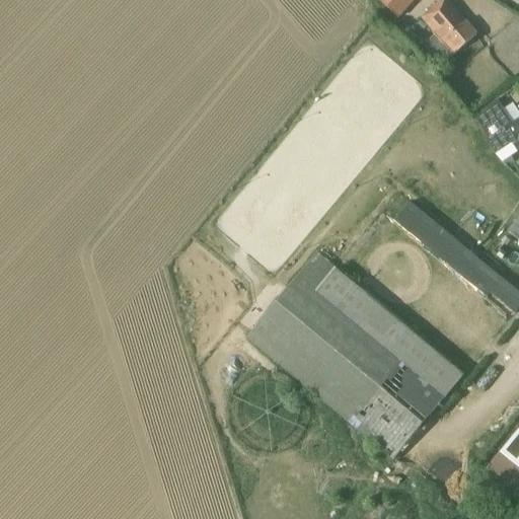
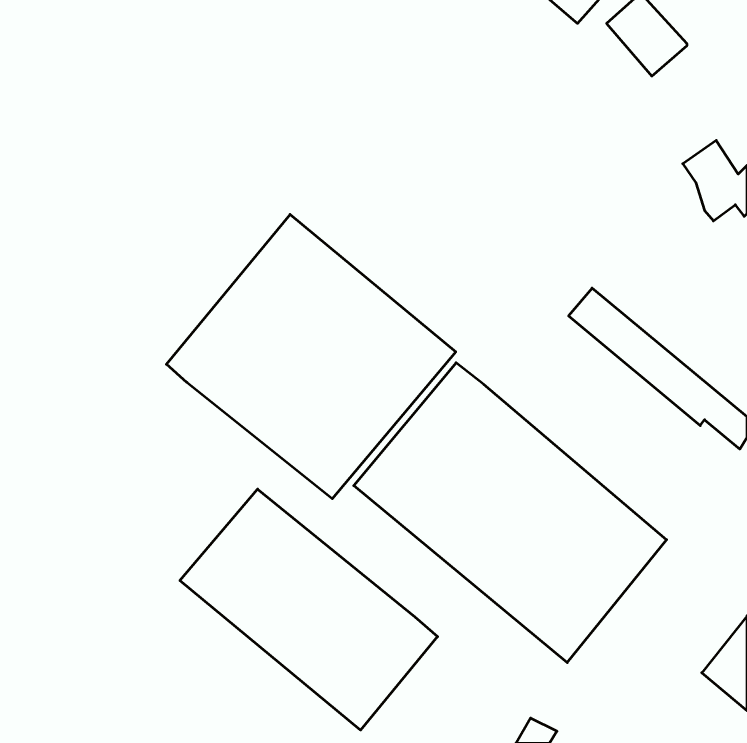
building: none -> [166,214,456,499]
building: none -> [180,489,438,730]

